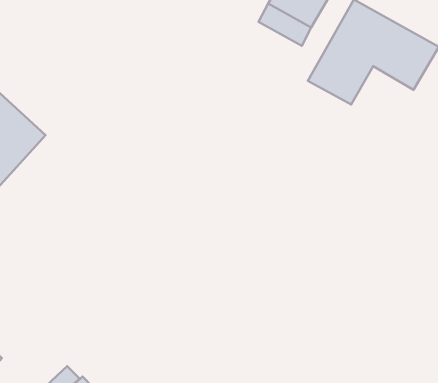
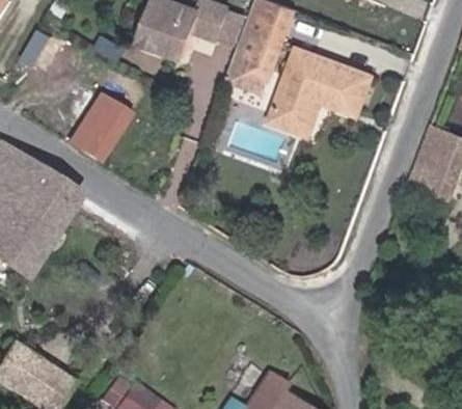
building: none -> [66,97,124,161]

